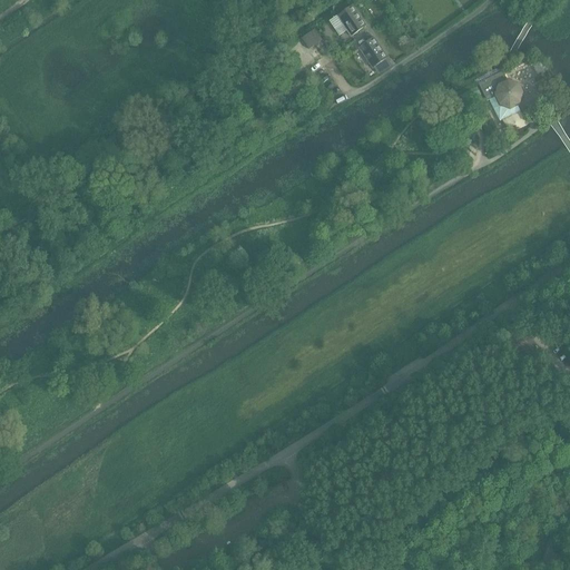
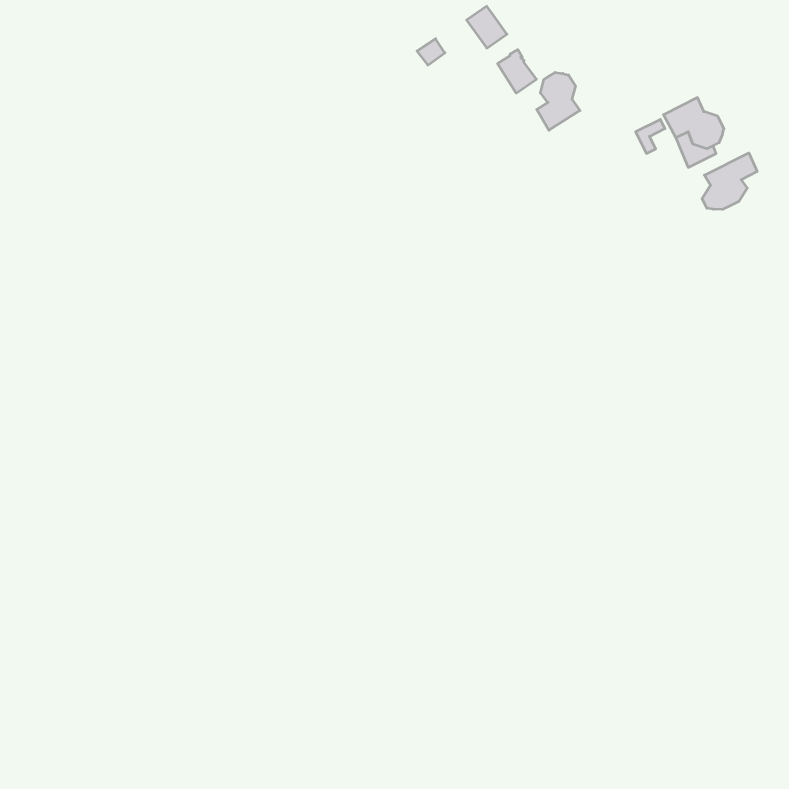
building: none -> [537,72,580,130]
building: none -> [702,153,757,209]

